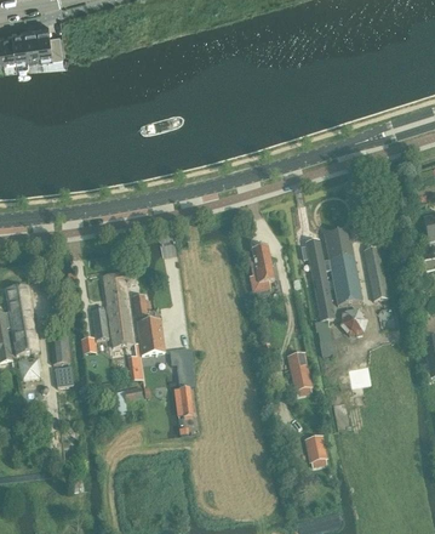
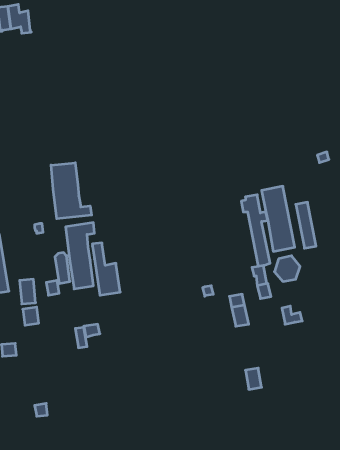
building: none -> [51,163,92,219]
building: [250,246,273,284] -> none
building: [170,350,194,417] -> none

